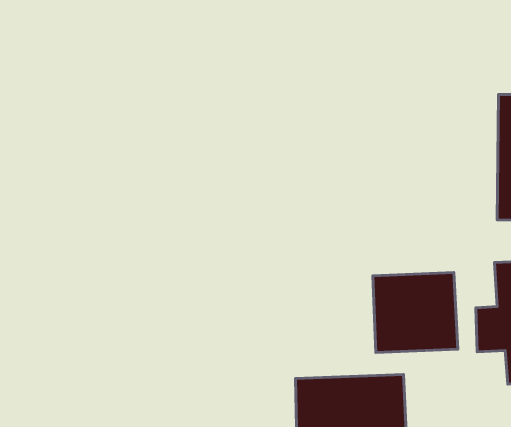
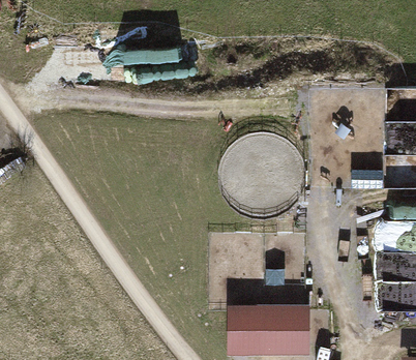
building: [373,272,458,353] -> none

